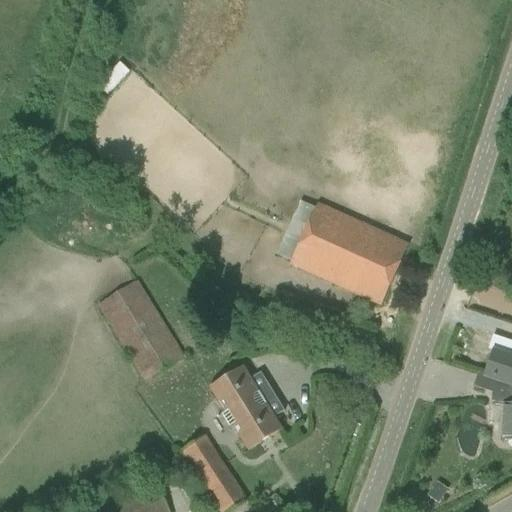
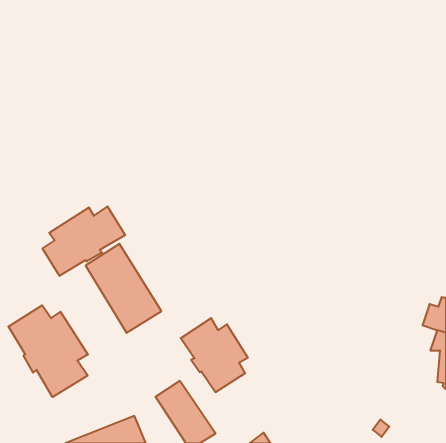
building: [275,199,407,303] -> none
building: none -> [43,206,125,276]
building: none -> [8,305,88,397]

